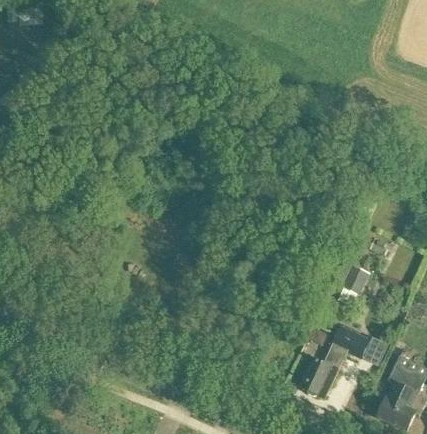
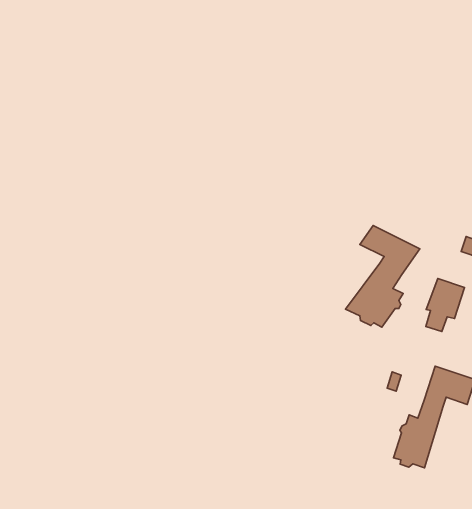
building: none -> [346,226,420,327]

